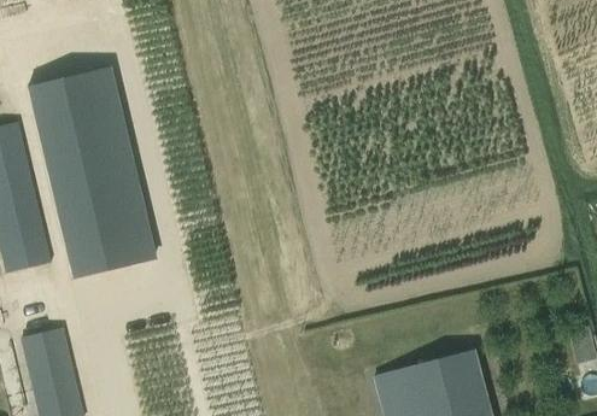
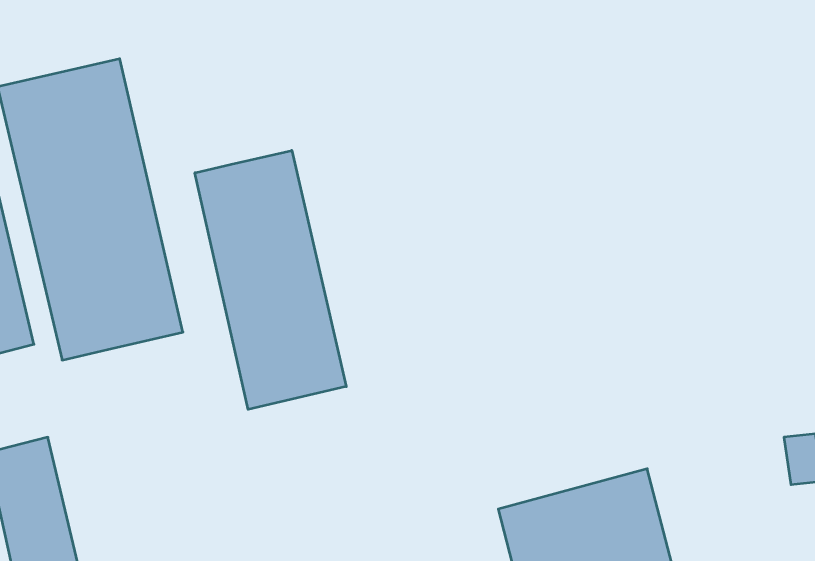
building: none -> [195,150,346,409]

